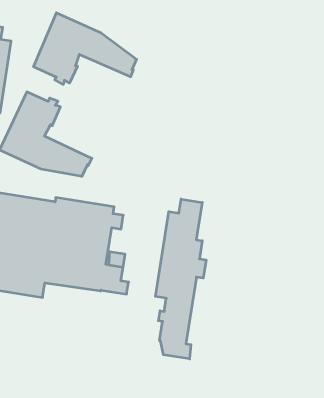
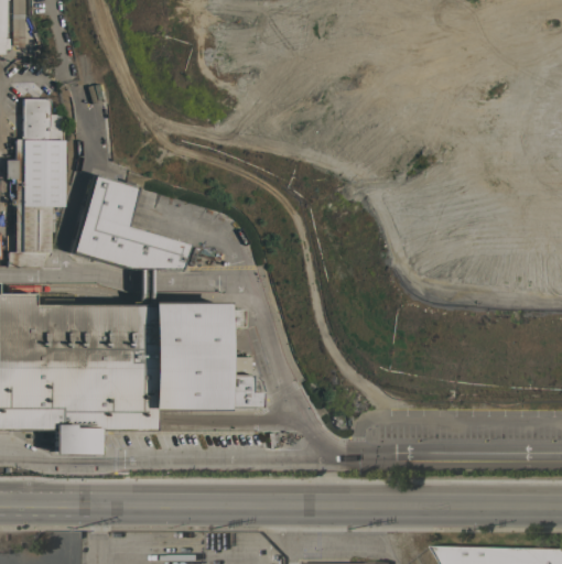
building: [34,13,137,84] -> none
building: [155,199,206,359] -> none

